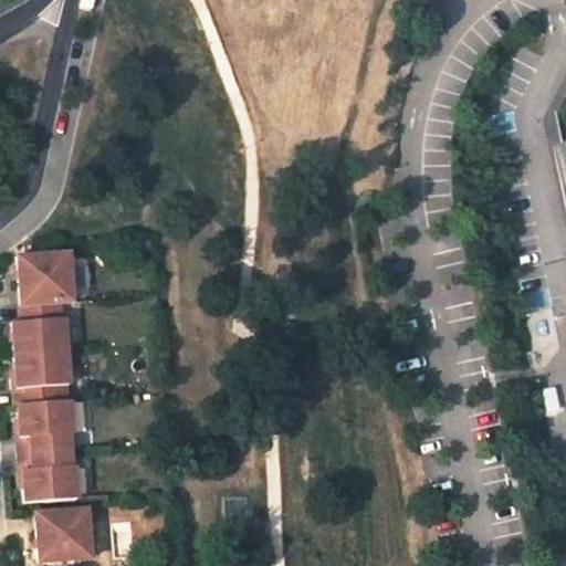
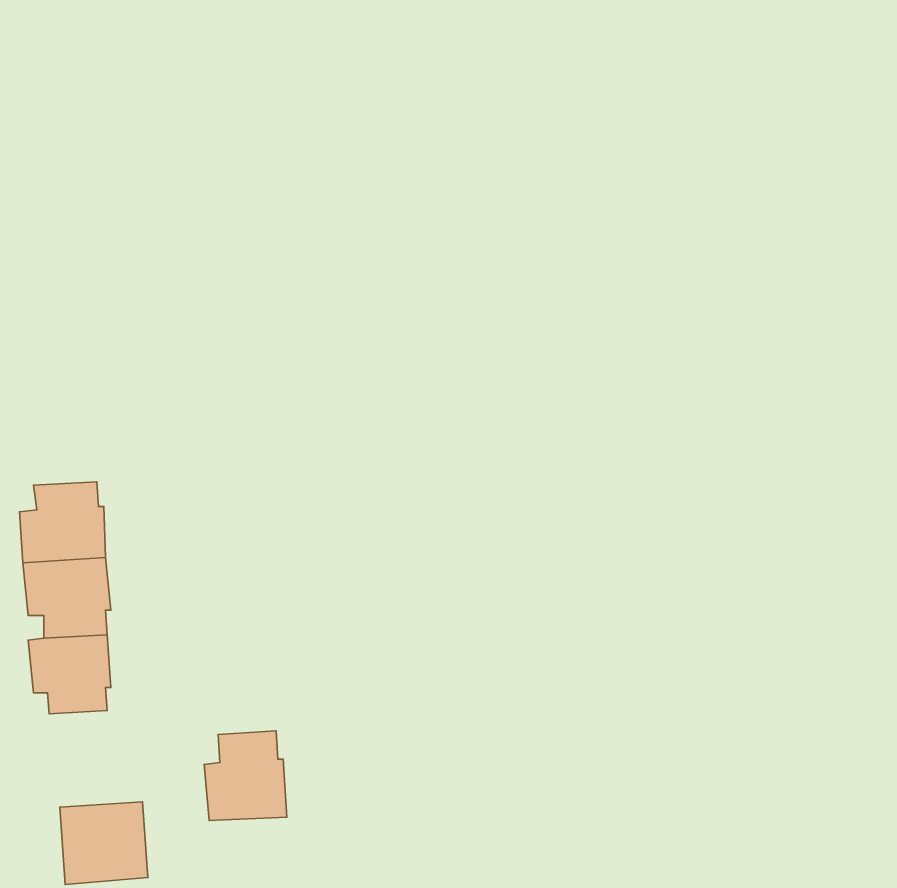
building: [19,252,74,305] -> none
building: [23,447,75,503] -> [204,731,287,821]

